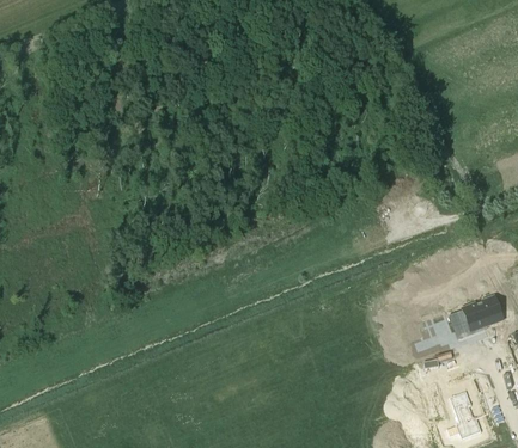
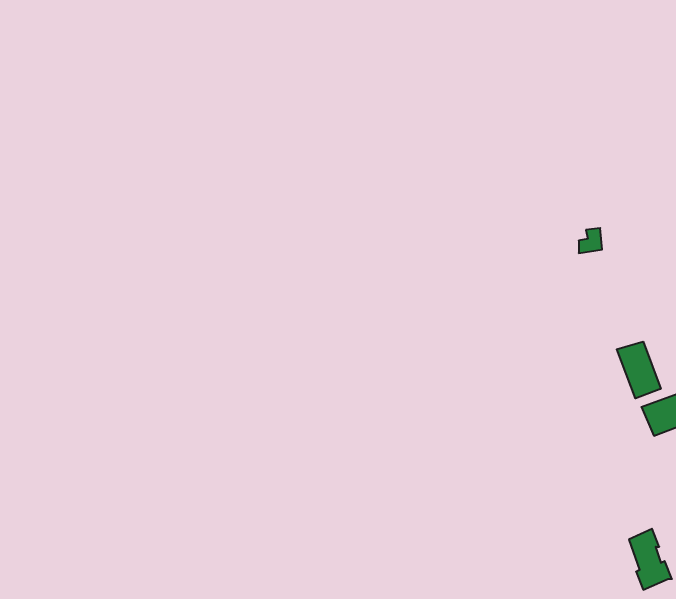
building: none -> [617,342,661,398]

